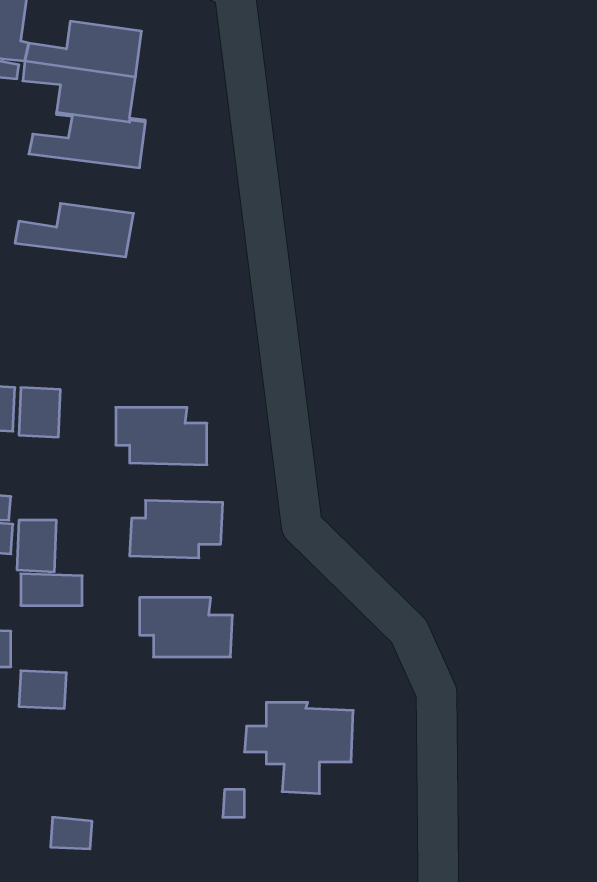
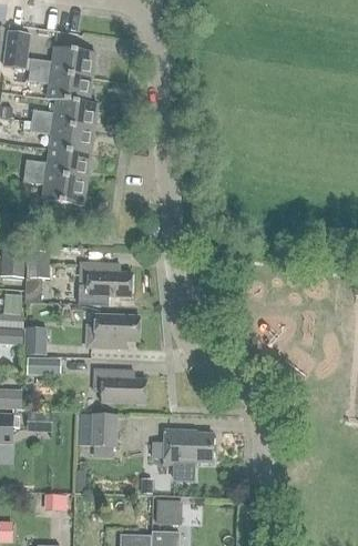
building: none -> [22,120,93,154]
building: none -> [22,171,85,204]
building: none -> [91,413,116,445]
building: none -> [156,499,182,524]

